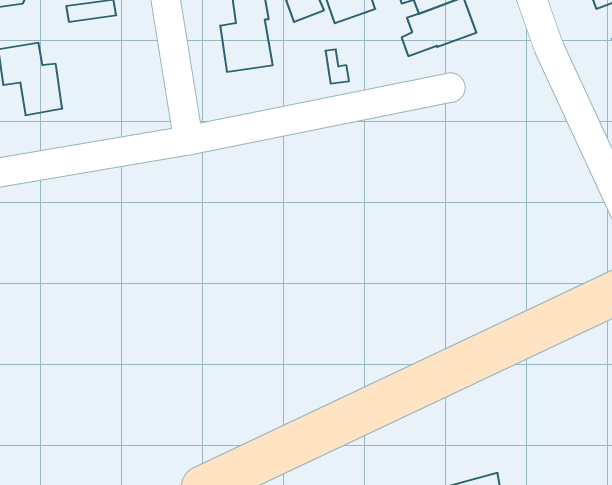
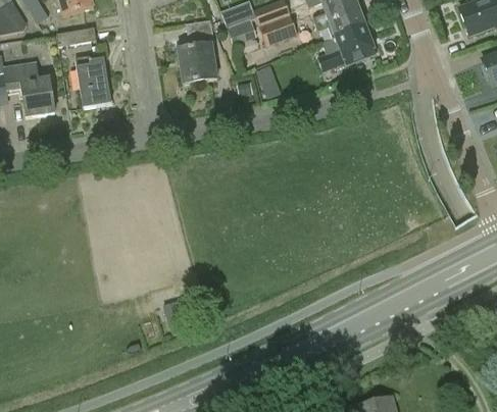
building: none -> [76,54,111,108]

